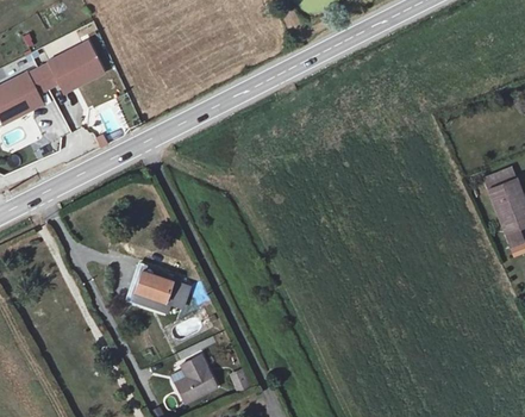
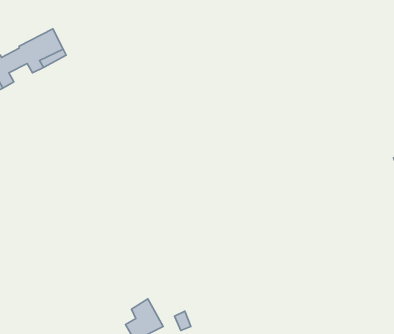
building: [135,269,189,309] -> none

